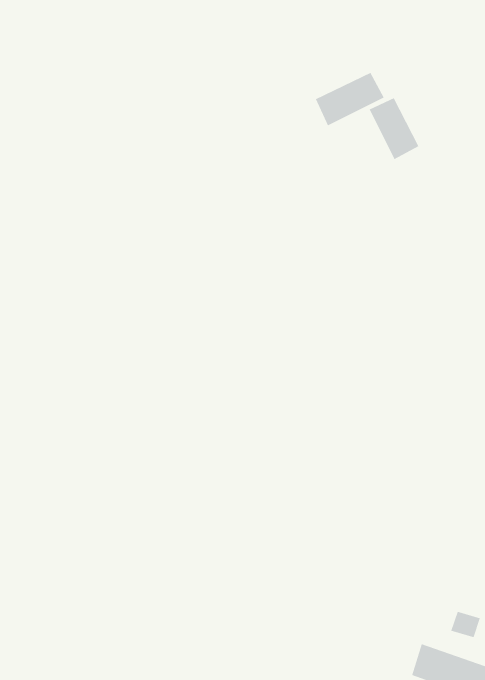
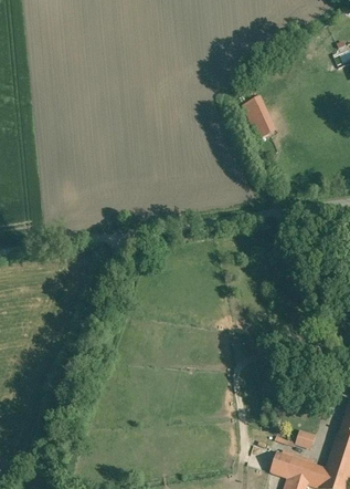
building: [315,72,385,126] -> none

